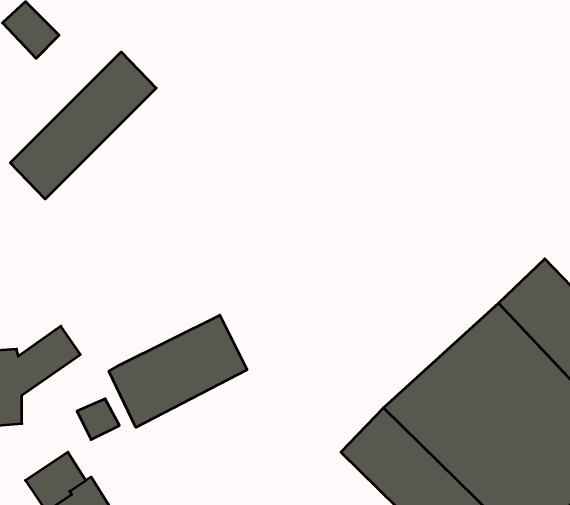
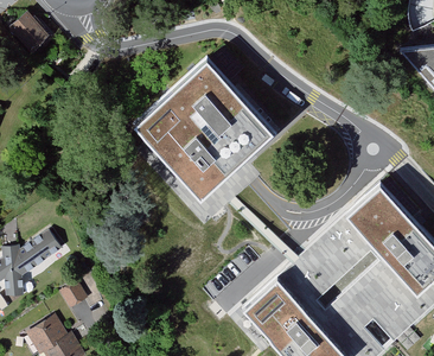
building: [10,52,156,199] -> none
building: none -> [135,68,272,204]
building: [109,315,247,427] -> none

